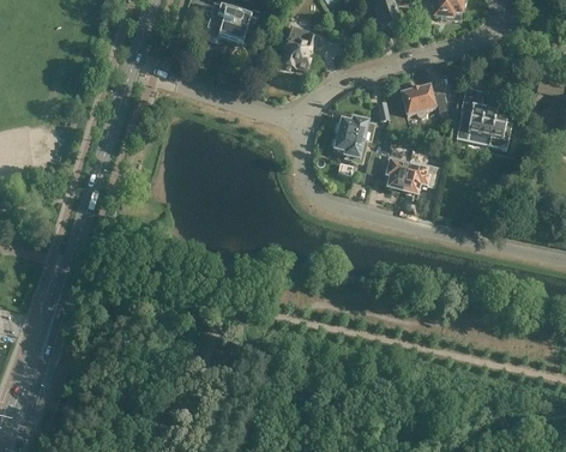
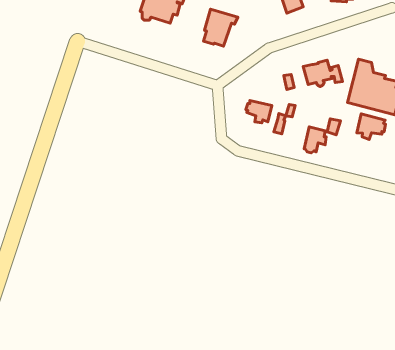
building: [336,114,368,139] -> none
building: none -> [357,114,385,139]
building: [381,161,408,192] -> none

